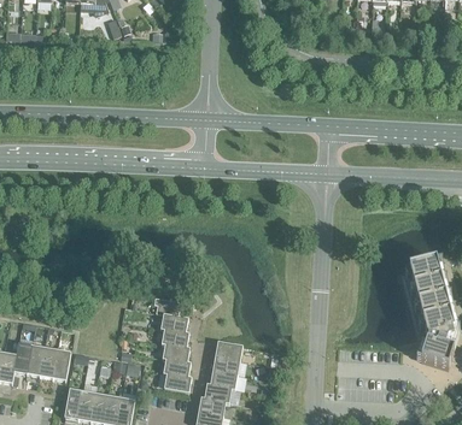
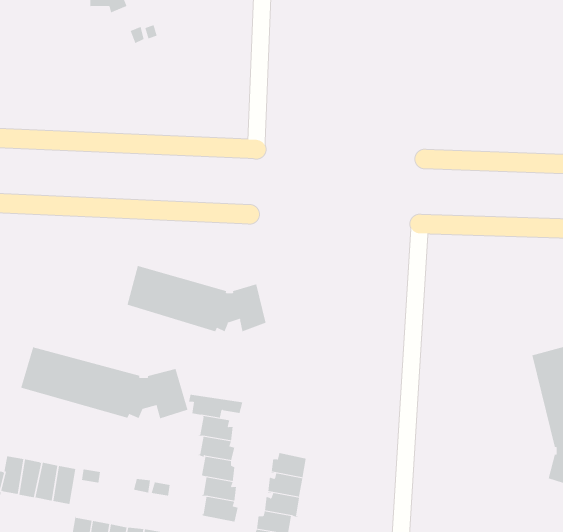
building: none -> [127,265,266,332]
building: none -> [21,347,188,419]

